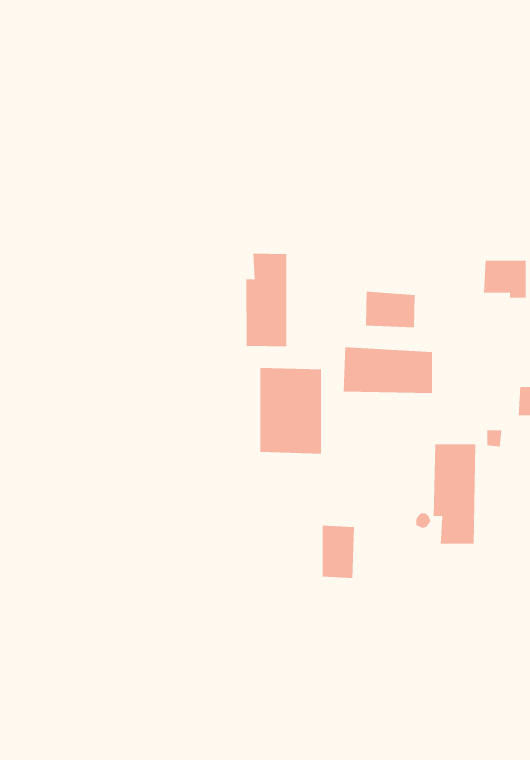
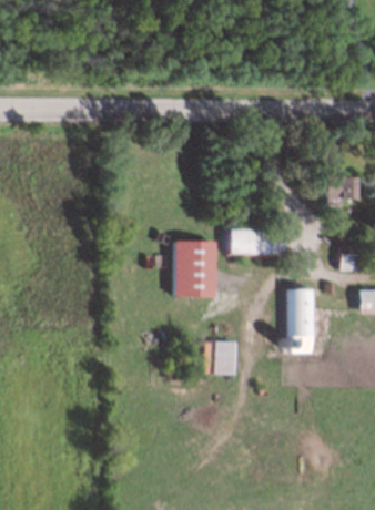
building: [246,253,287,347] -> none
building: [365,291,415,328] -> none

